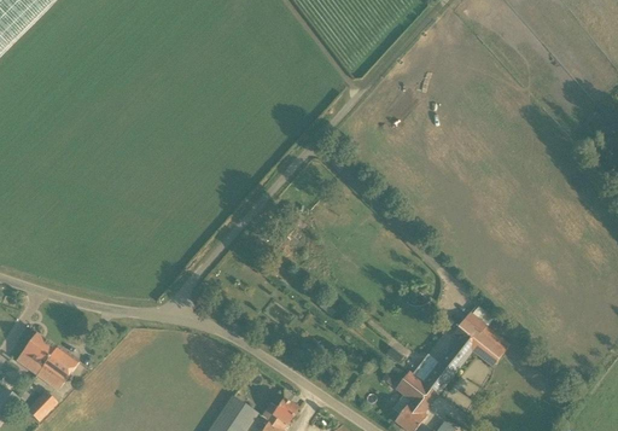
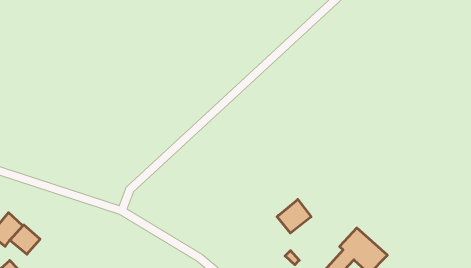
building: none -> [277,199,311,233]

